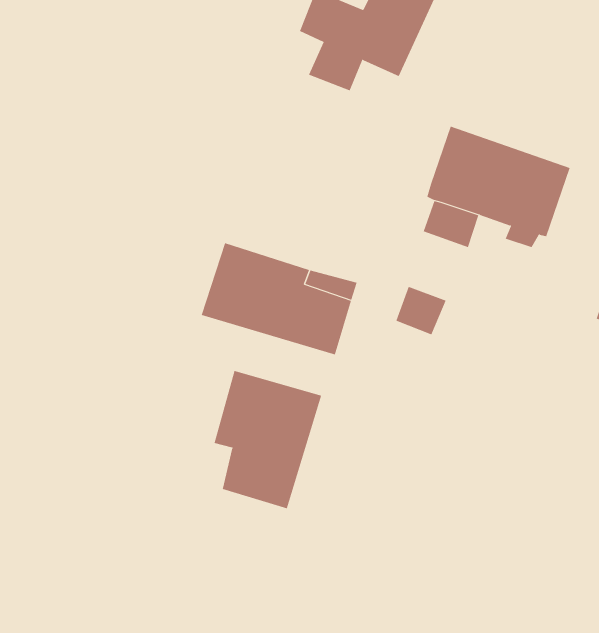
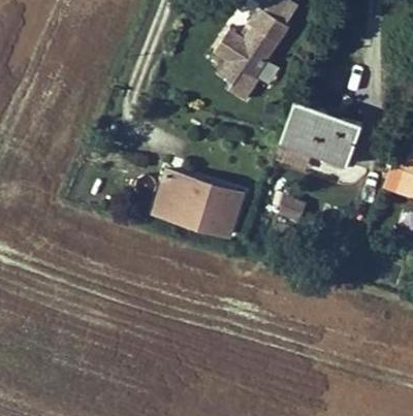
building: [214,370,322,509] -> none

